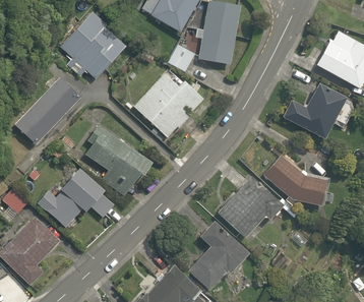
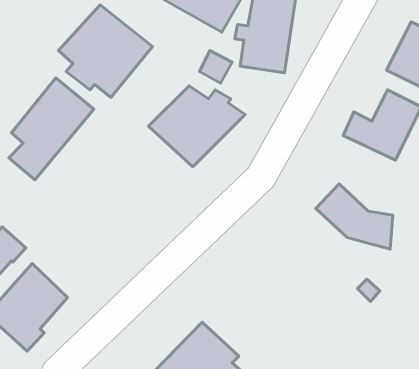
building: [81,118,154,195] -> none
building: [39,168,116,230] -> none
building: [211,173,276,233] -> none
building: [183,216,244,284] -> none

